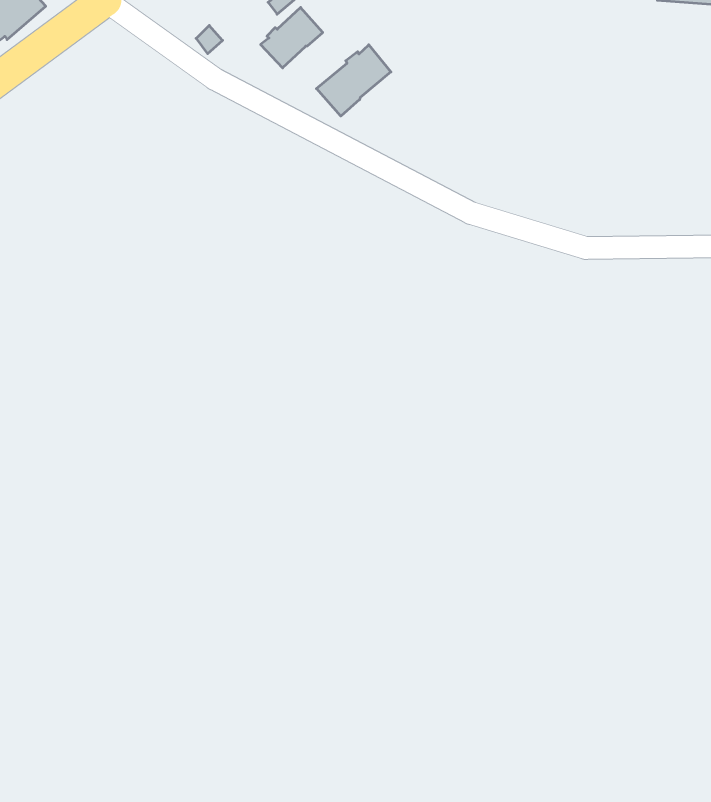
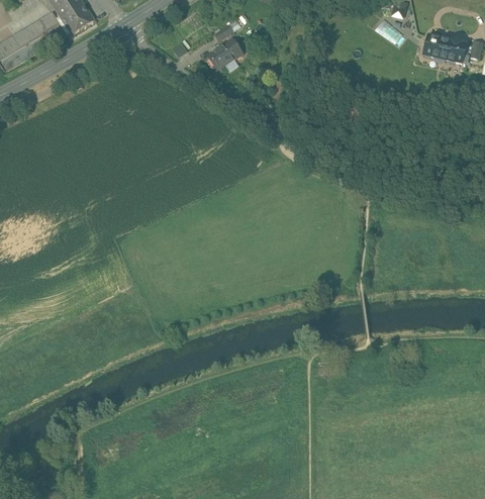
building: [316,45,391,116] -> none

